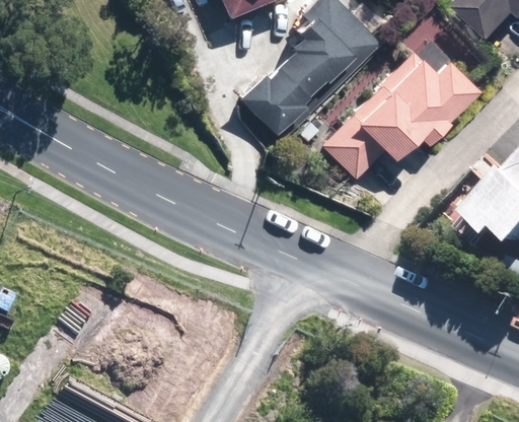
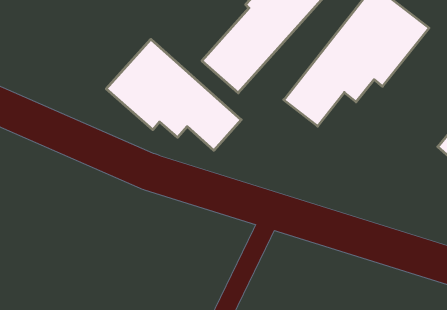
building: none -> [106,39,241,150]

